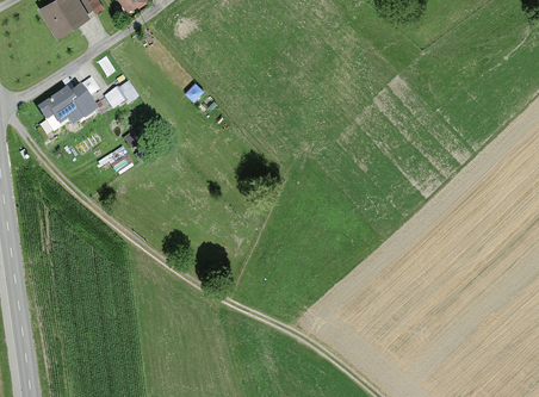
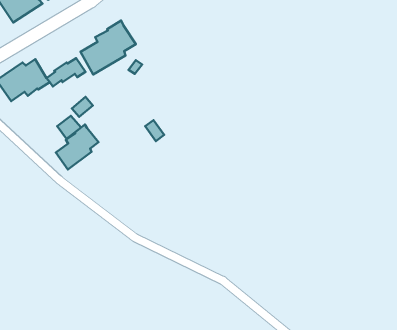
building: none -> [81,21,136,75]
building: none -> [56,125,99,170]

